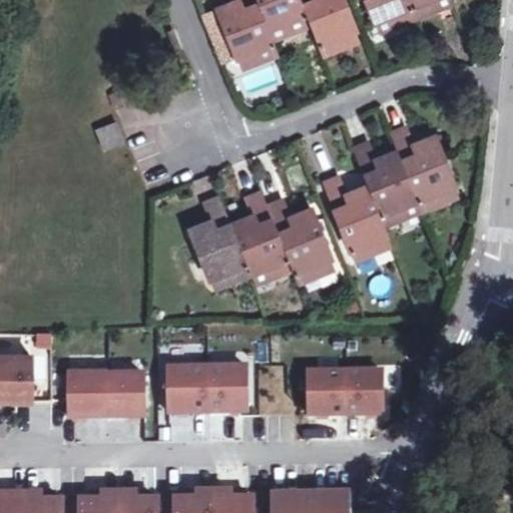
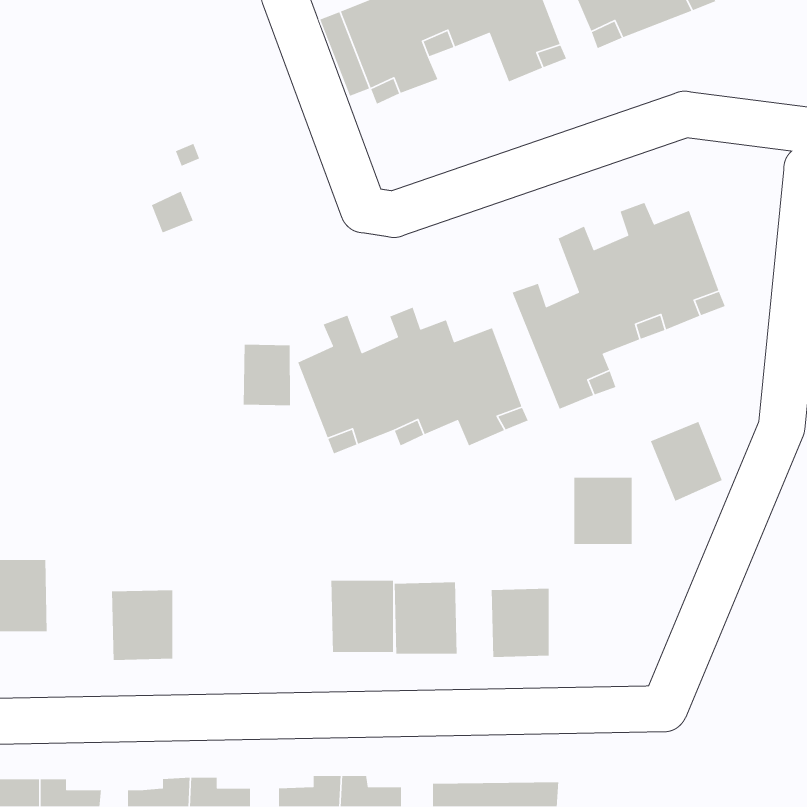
building: none -> [243,344,291,406]
building: none -> [650,421,723,502]
building: [169,366,209,412] -> [394,582,458,655]
building: [347,371,384,414] -> [574,477,632,545]
building: [109,373,146,416] -> none

